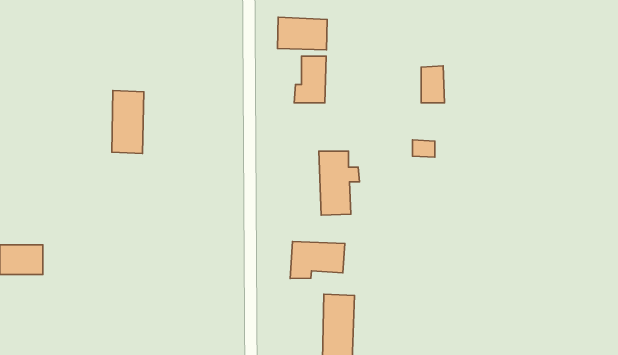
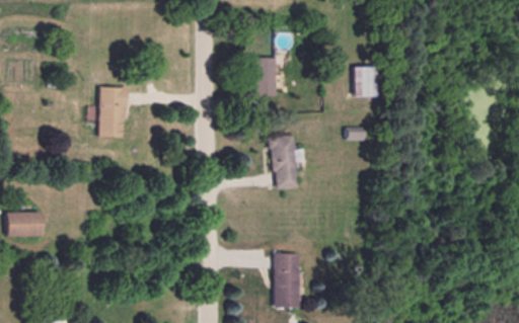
building: [277,17,327,50] -> none
building: [290,241,345,278] -> none

